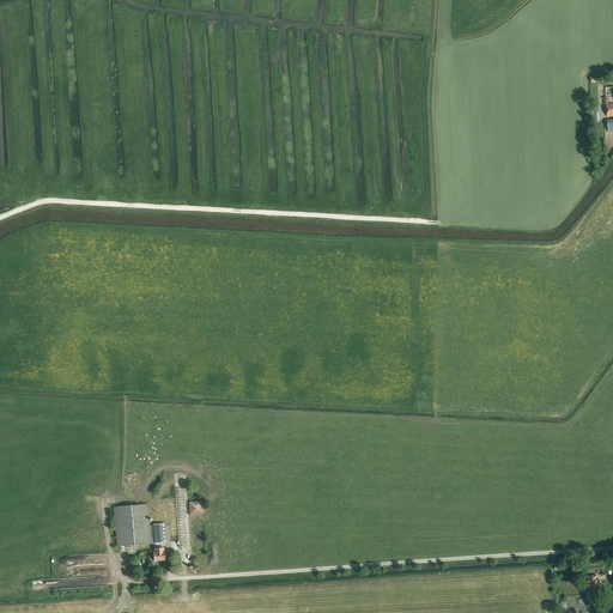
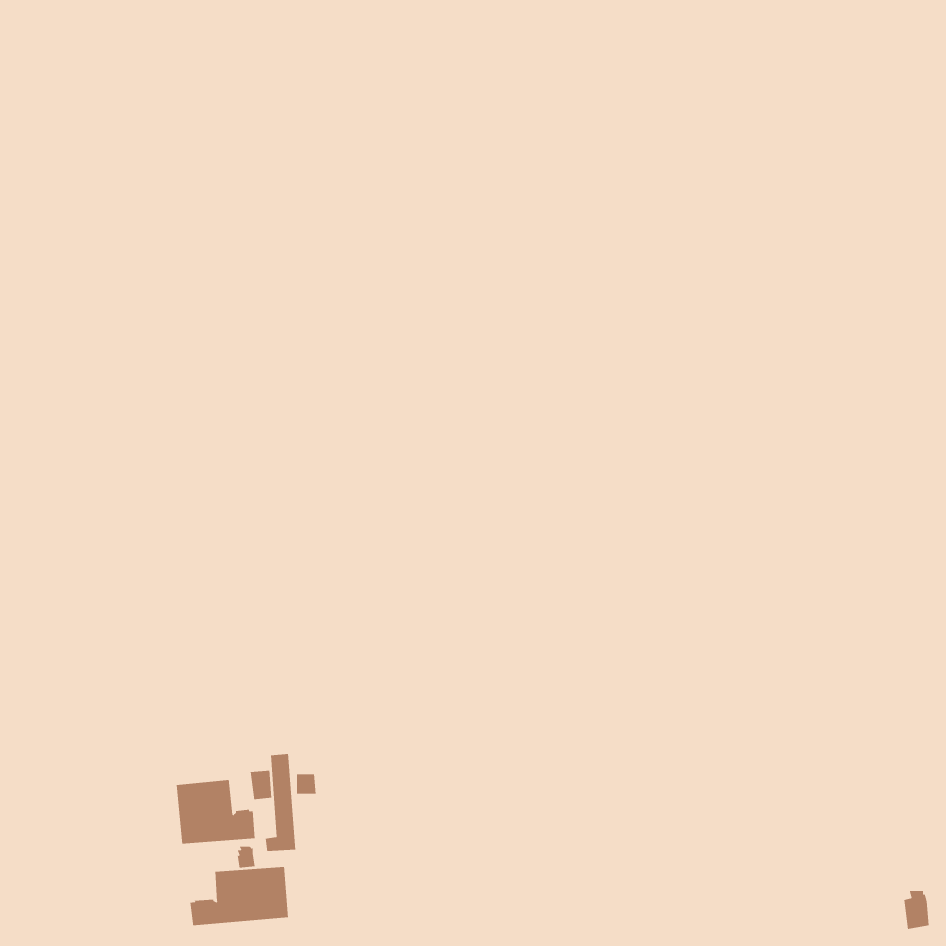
building: none -> [190,866,288,926]

